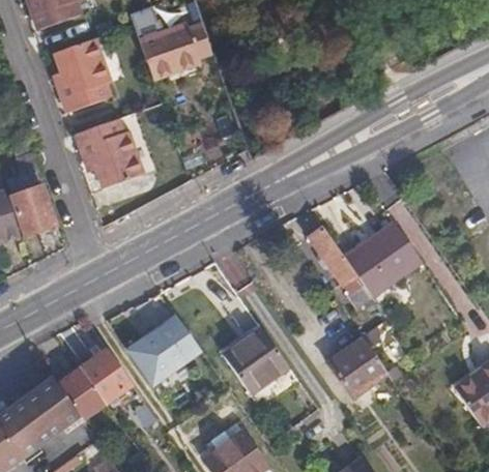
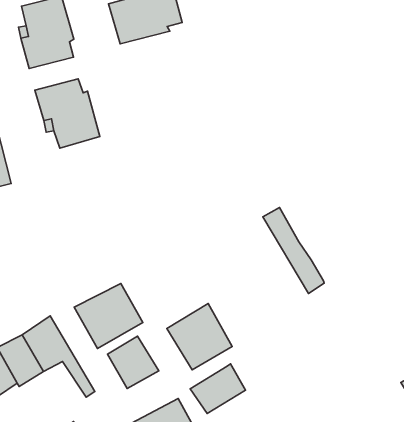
building: [344,225,419,295] -> none
building: [326,338,387,400] -> none
building: none -> [108,336,159,389]
building: none -> [190,364,246,413]

